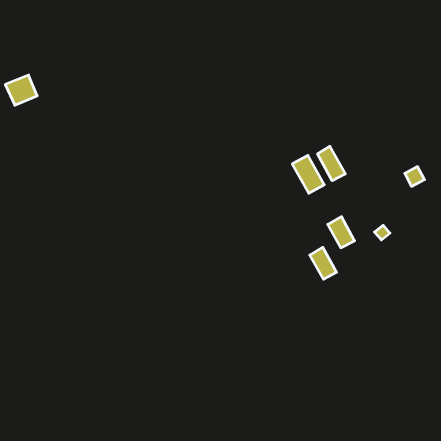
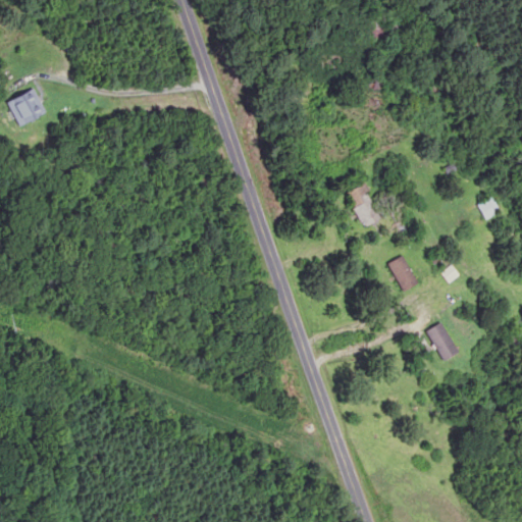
building: [318,146,345,181] -> none
building: [310,247,337,279] -> [426,322,458,360]

